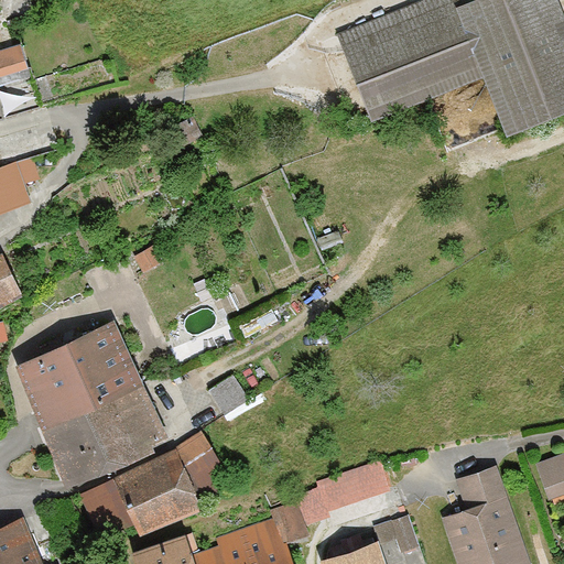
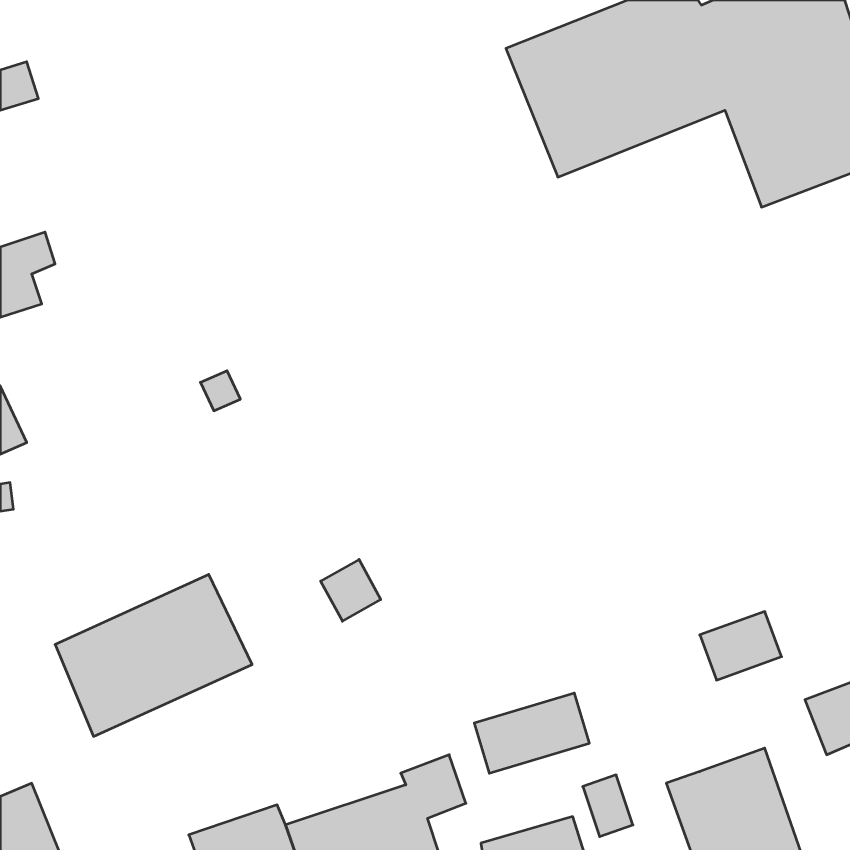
building: [12,319,140,427] -> none
building: [78,434,223,551] -> none
building: [453,466,507,511] -> [700,612,782,680]

